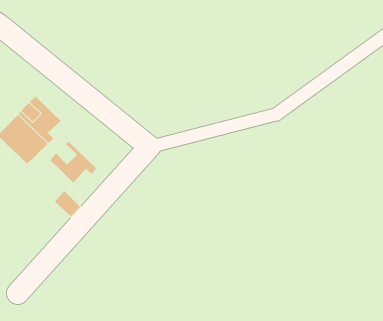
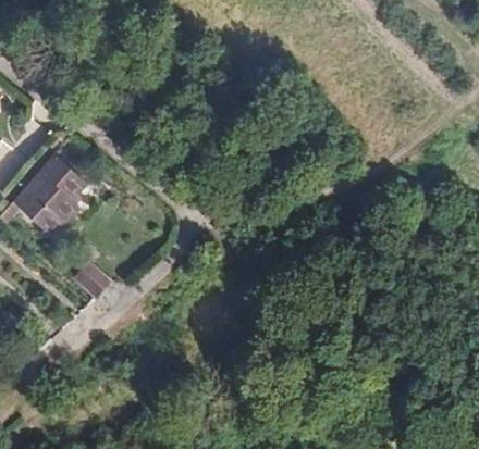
building: [49,141,97,184] -> none

